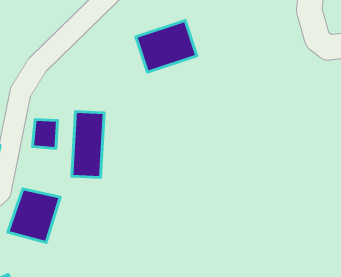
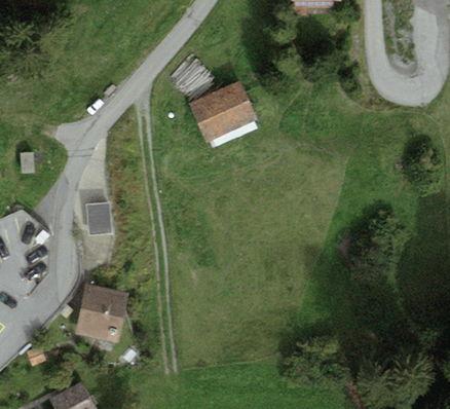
building: [72,111,104,178] -> none

